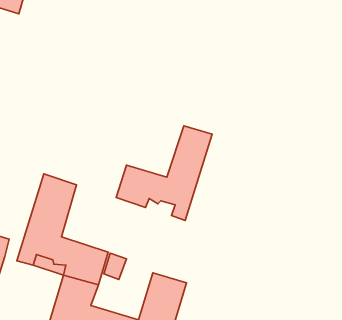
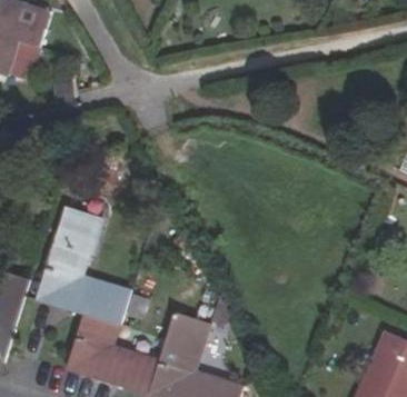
building: [116,126,212,221] -> none

